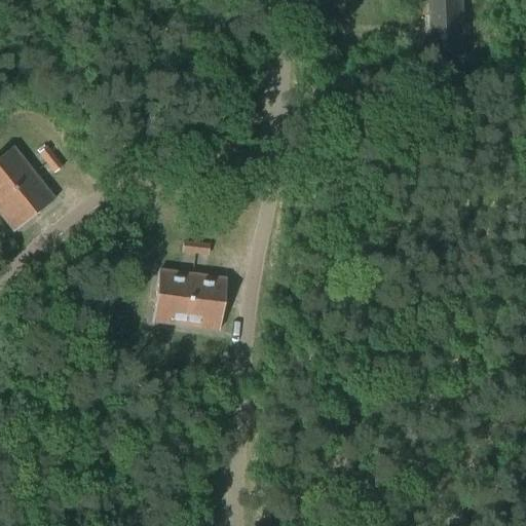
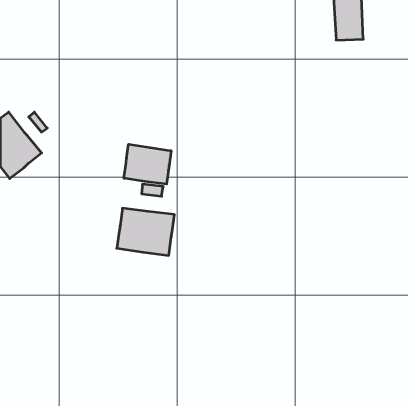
building: none -> [124,144,171,184]

